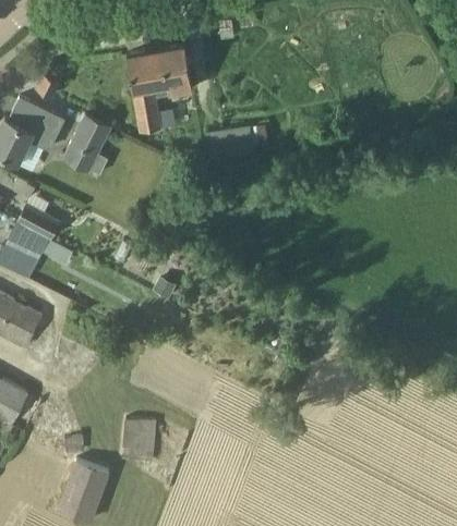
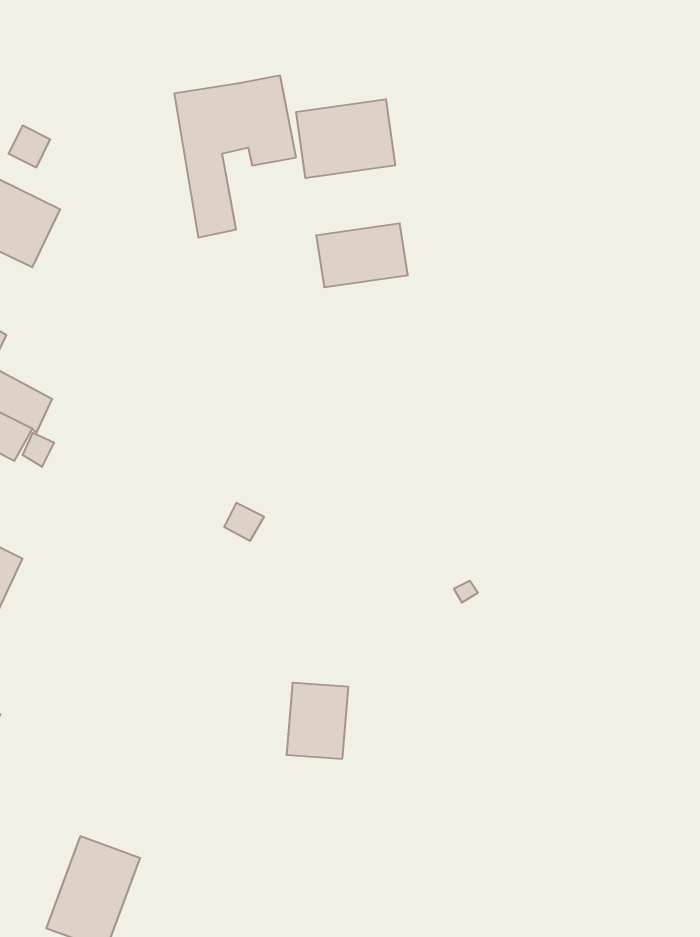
building: none -> [296,99,395,178]
building: [62,115,111,176] -> none
building: [123,418,157,460] -> [286,683,348,759]

